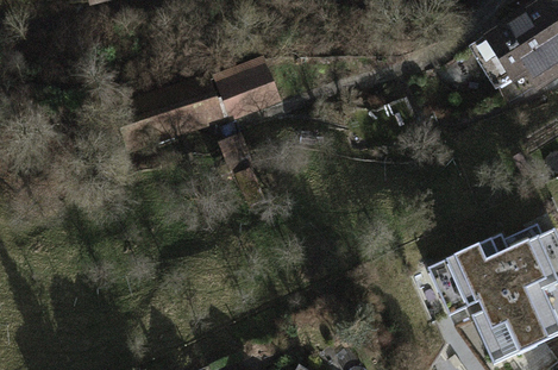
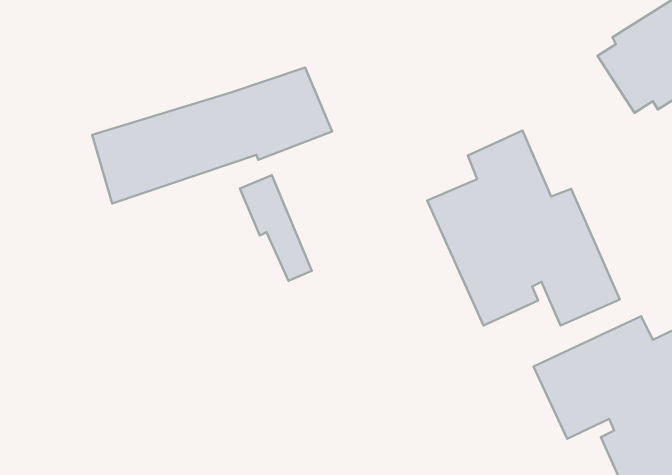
building: none -> [427,131,620,326]

